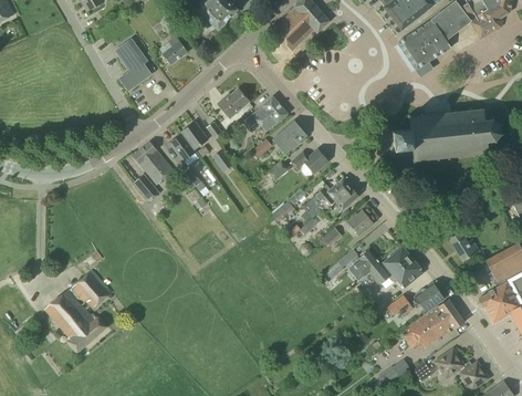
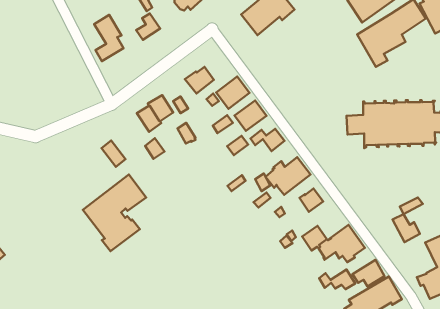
building: [134,142,174,184] -> none
building: [45,269,112,352] -> [83,175,146,251]

